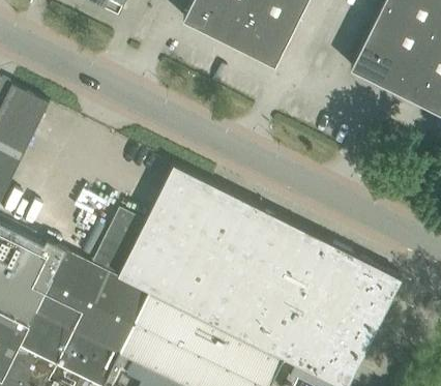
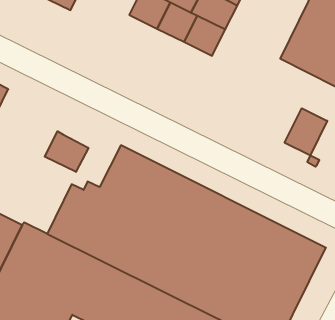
building: none -> [285,108,327,155]
building: none -> [45,131,88,172]

